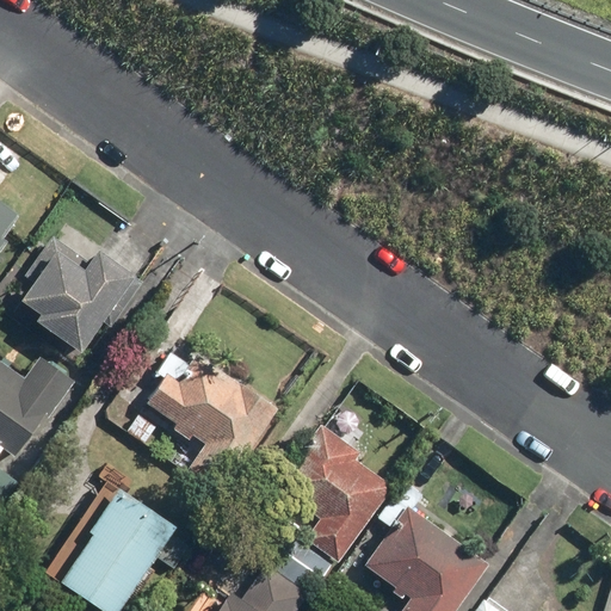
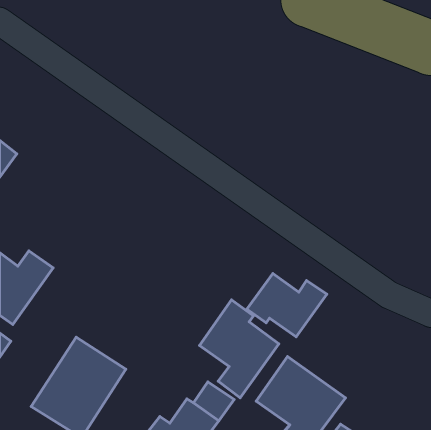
building: [20,239,134,354] -> none
building: [144,360,278,496] -> none
building: none -> [247,274,327,337]

